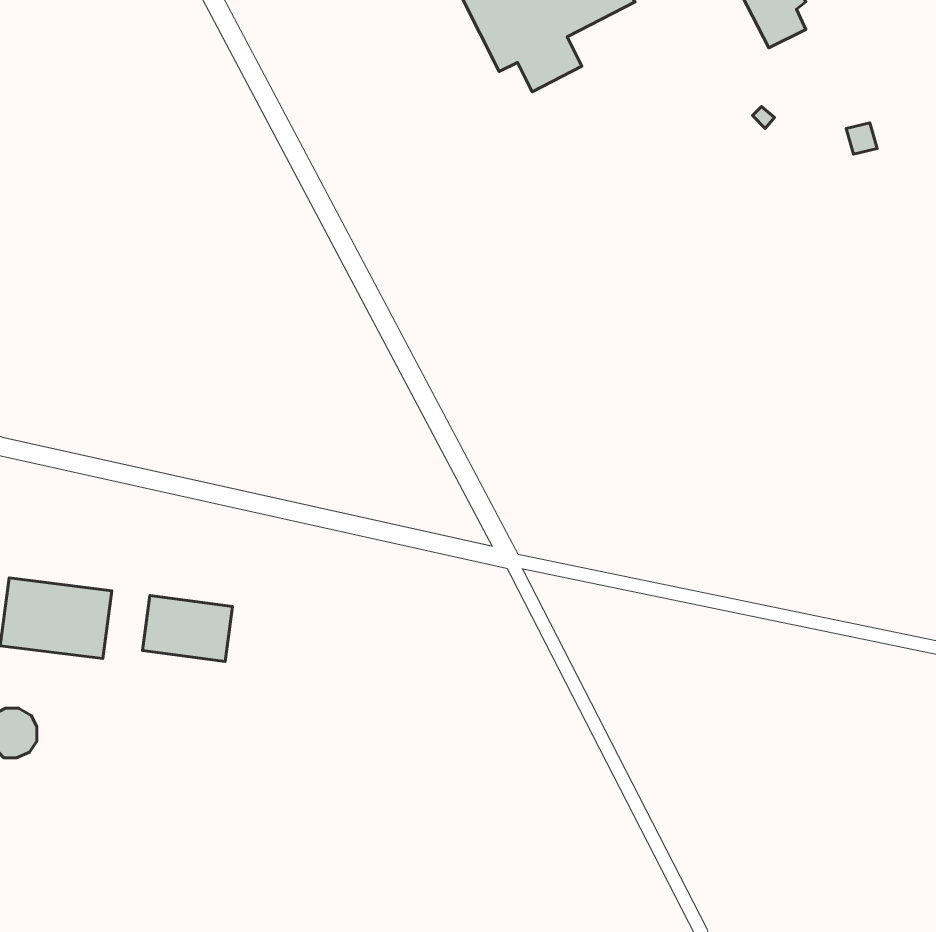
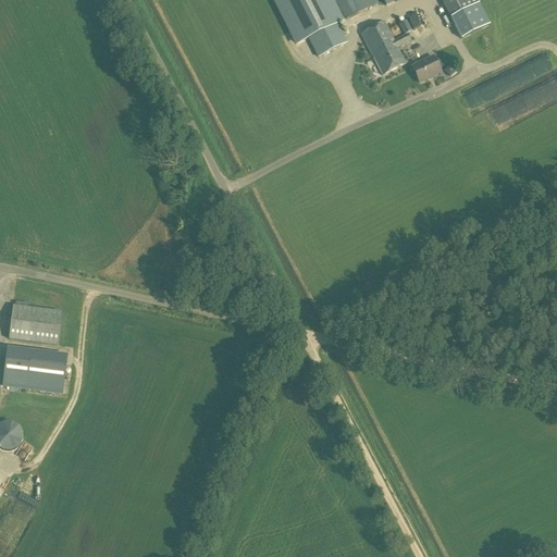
building: none -> [360,20,410,73]
building: none -> [410,54,440,81]
building: [143,595,232,661] -> [8,304,61,343]

